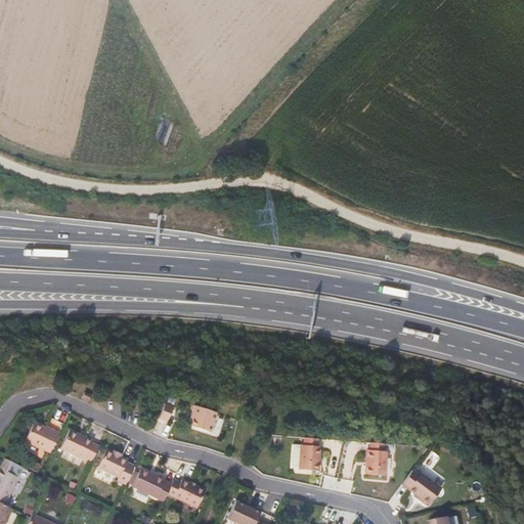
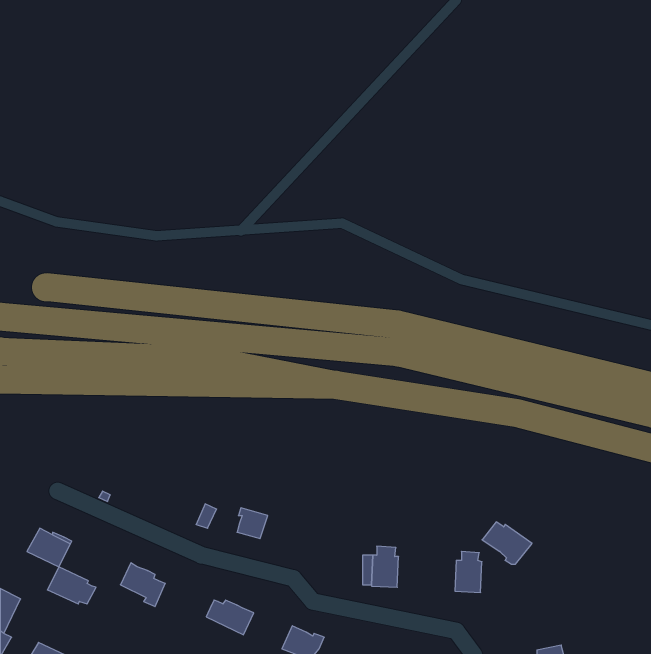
building: [61,430,100,460] -> [47,567,96,604]
building: [403,469,443,503] -> [482,522,532,564]
building: [133,470,172,501] -> none

